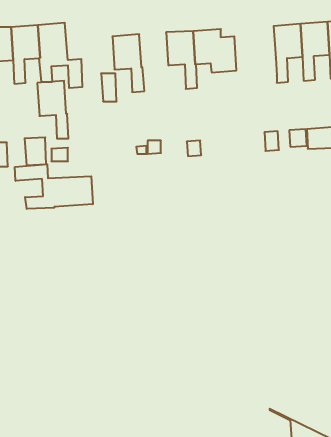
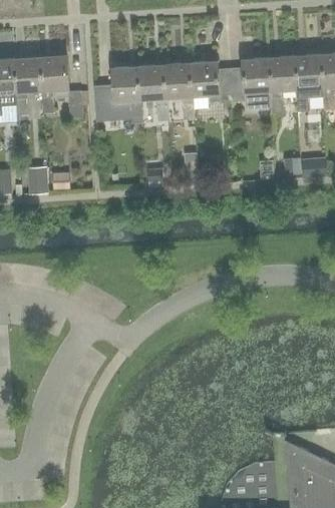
building: none -> [231,58,272,108]
building: [37,81,68,139] -> [138,64,169,120]
building: [15,164,93,209] -> none

